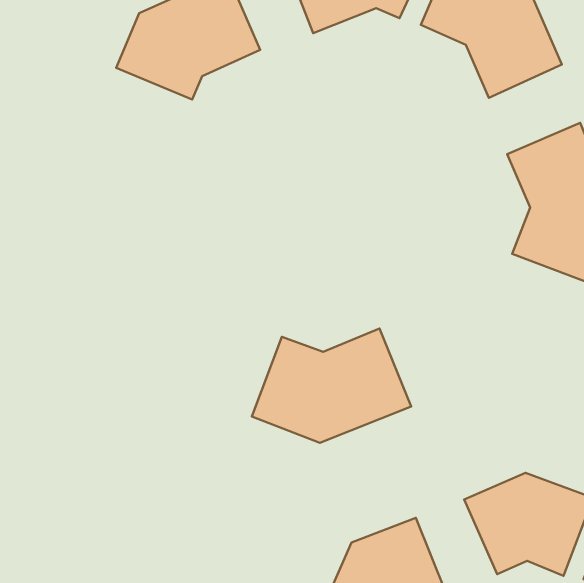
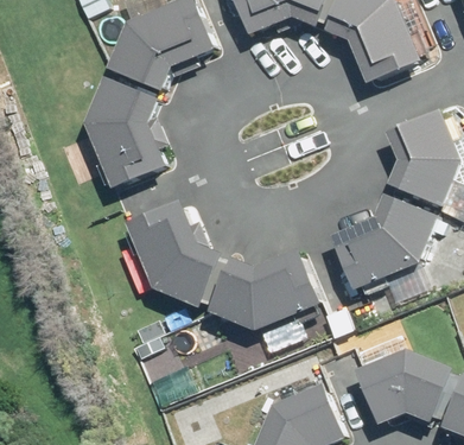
building: none -> [83,72,164,187]
building: none -> [333,197,436,286]
building: none -> [121,201,223,309]

